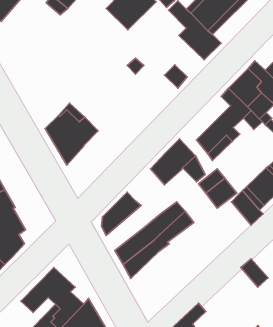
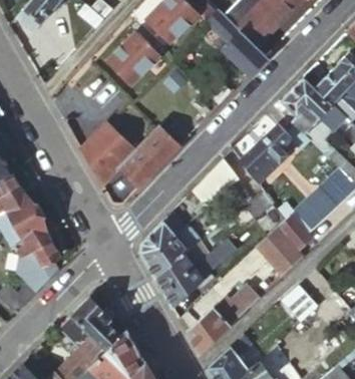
building: none -> [105,31,158,84]
building: none -> [120,125,181,185]
building: none -> [144,224,204,278]
building: none -> [257,226,304,277]
building: none -> [185,296,253,355]

